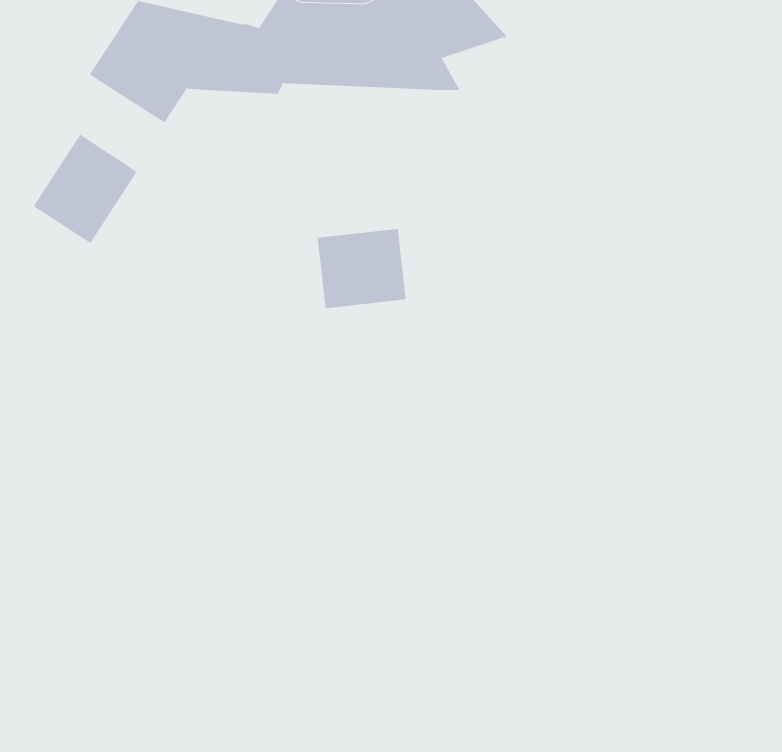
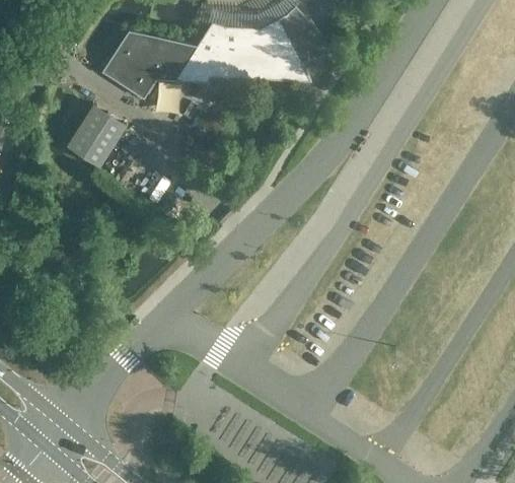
building: [317,228,406,309] -> none

